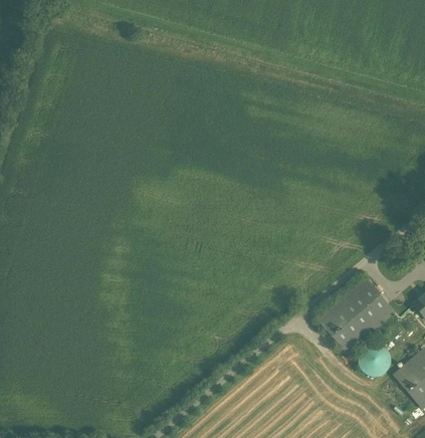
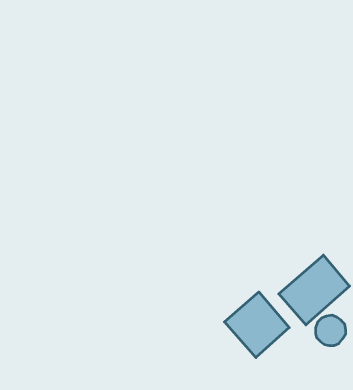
building: none -> [224,292,289,358]

